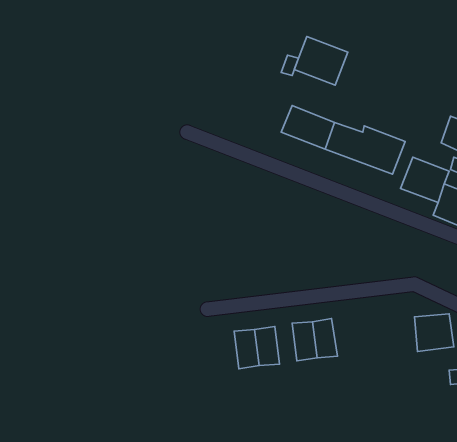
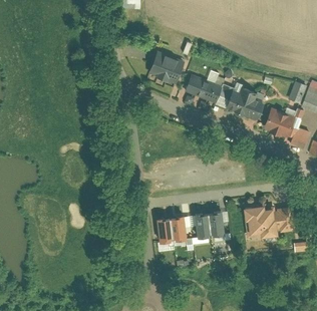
building: [294,37,348,85] -> [149,52,184,83]
building: none -> [243,207,275,239]

